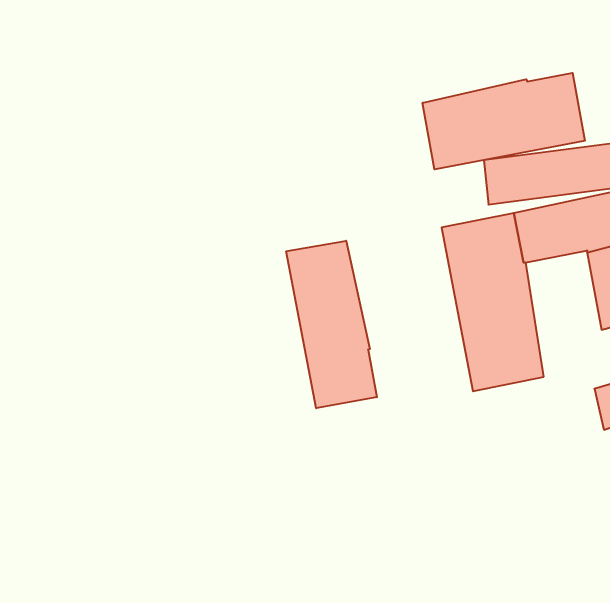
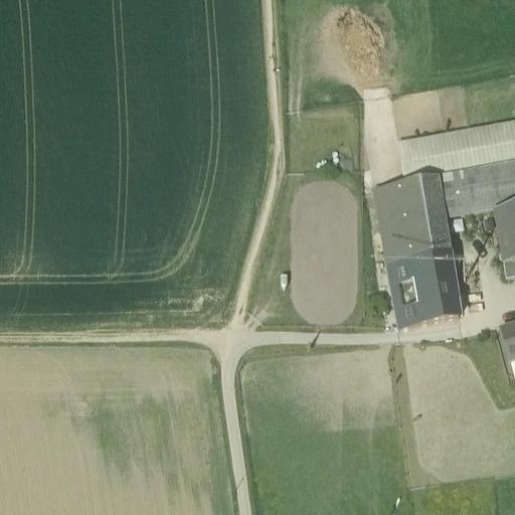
building: [423,73,585,169] -> none
building: [286,241,377,408] -> none

